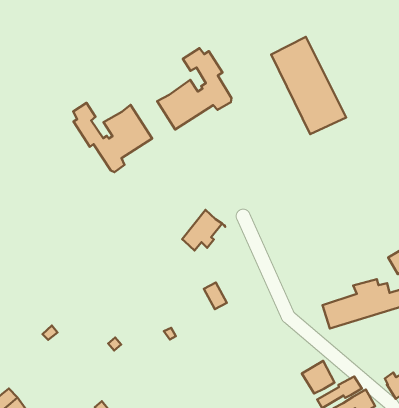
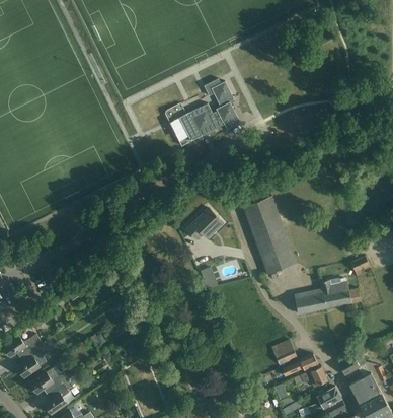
building: [271,37,346,134] -> [242,196,297,274]
building: [73,103,152,172] -> none

